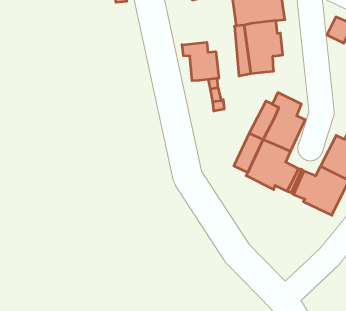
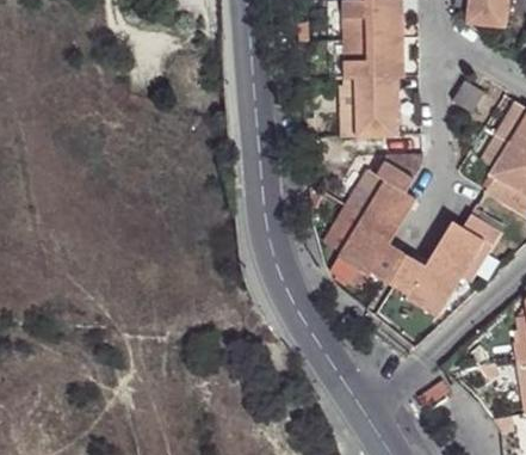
building: [182,42,219,81] -> none

